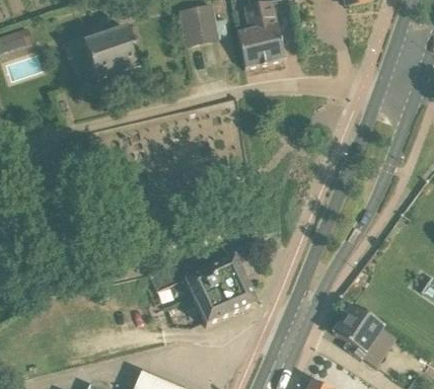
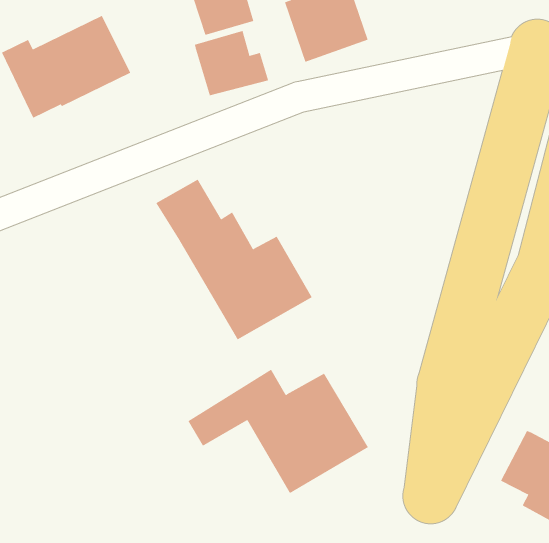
building: none -> [194,30,269,96]
building: none -> [155,179,313,340]

